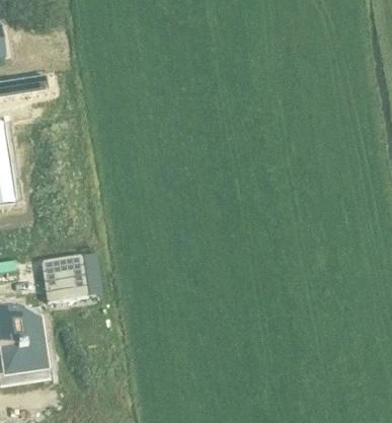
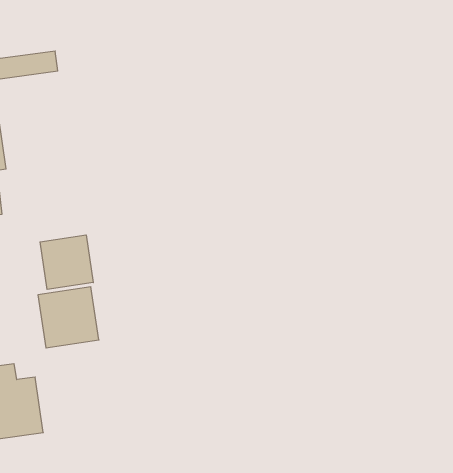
building: none -> [40,235,93,289]

